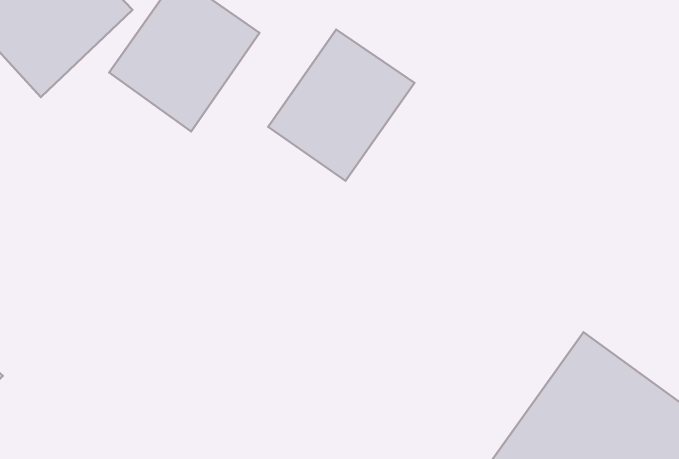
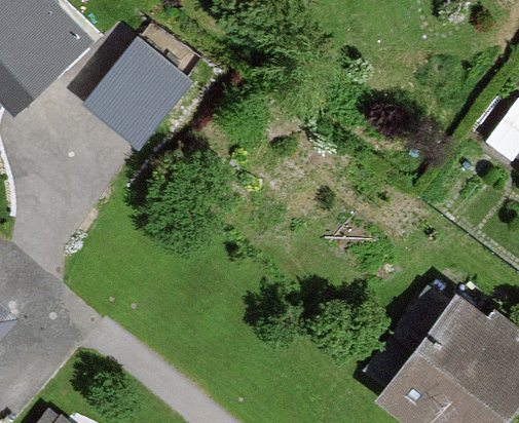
building: [268,29,414,181] -> none

